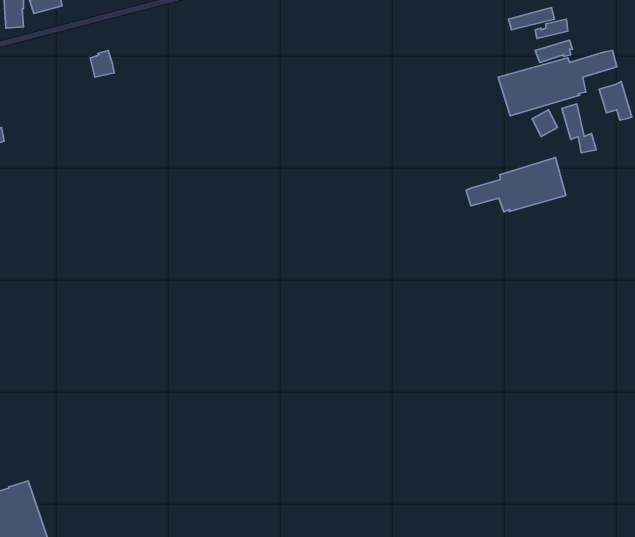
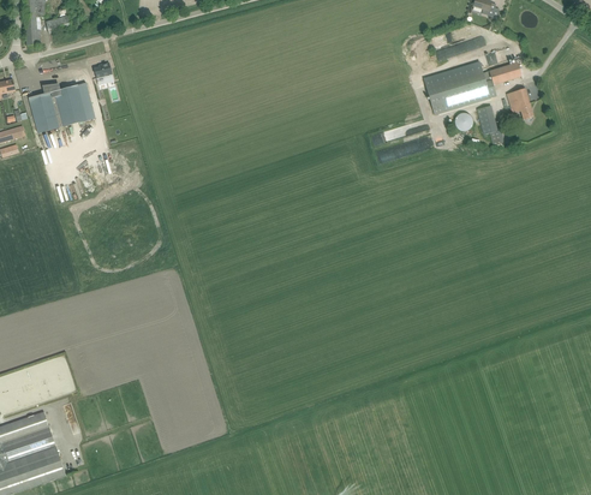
building: none -> [28,80,94,132]
building: [466,158,566,212] -> none

